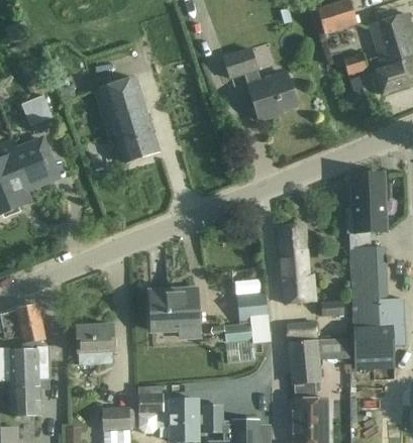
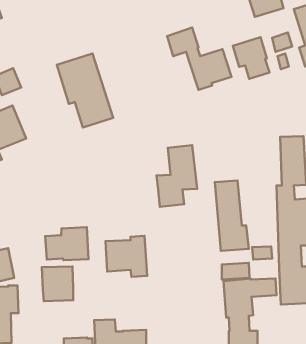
building: none -> [233,37,269,79]
building: none -> [45,227,89,260]
building: [223,290,271,361] -> [156,145,197,207]

